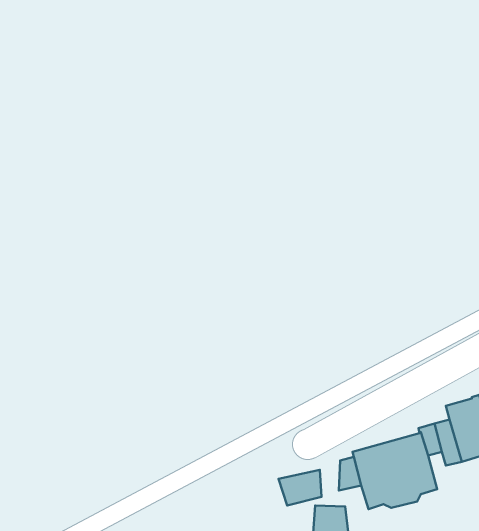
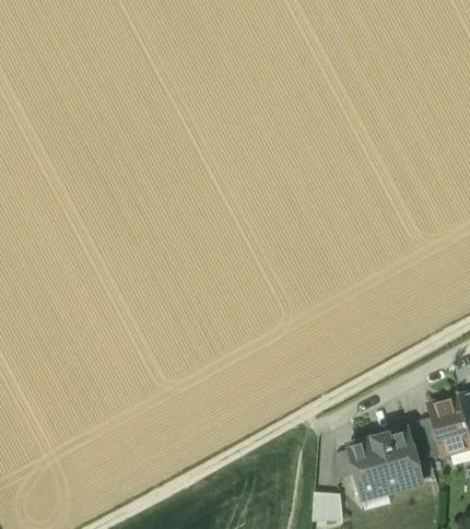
building: [278,470,321,505] -> none

